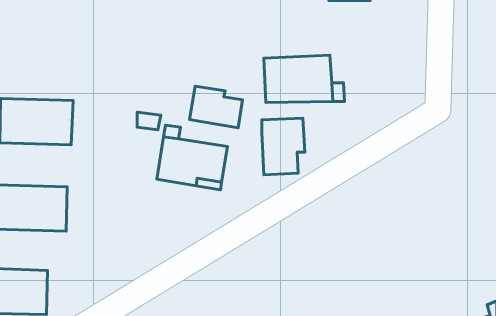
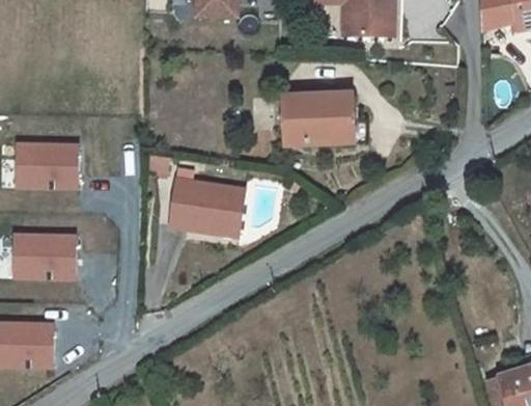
building: [190,86,242,128] -> none
building: [262,118,305,175] -> none

